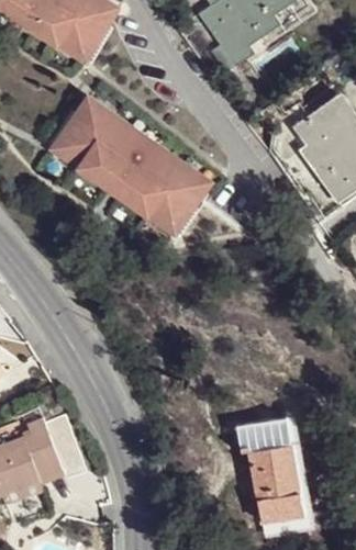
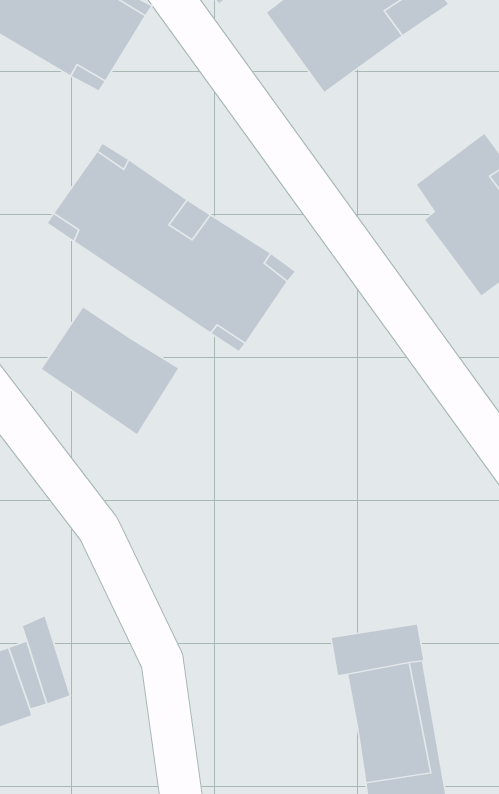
building: none -> [41,307,179,435]

